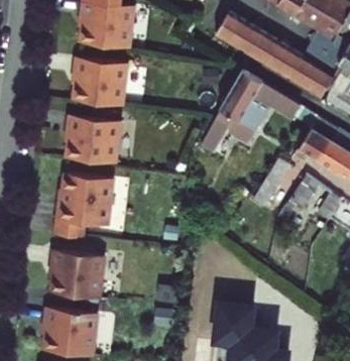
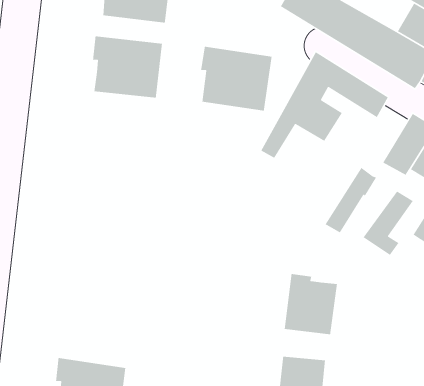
building: [66,112,121,162] -> [200,46,273,111]
building: [53,170,114,236] -> none
building: none -> [284,273,338,335]
building: [50,247,105,297] -> none

